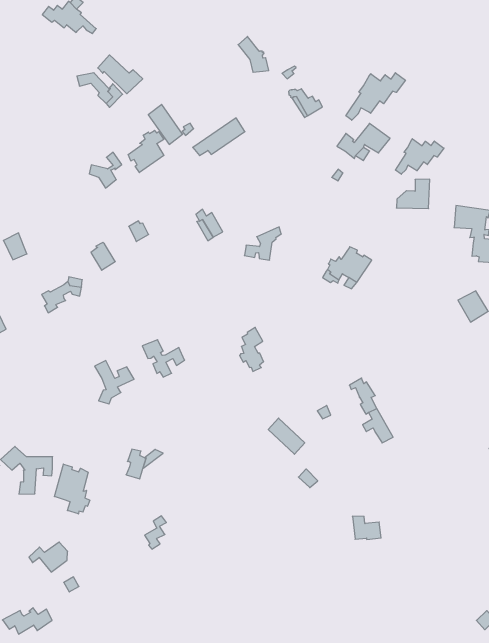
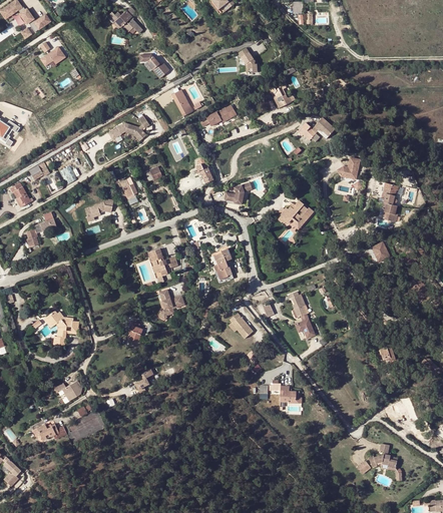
building: [346,73,405,120] -> none
building: [128,130,164,173] -> none
building: [395,139,444,174] -> none
building: [95,361,134,404] -> [159,290,185,320]
building: [54,464,90,514] -> none

